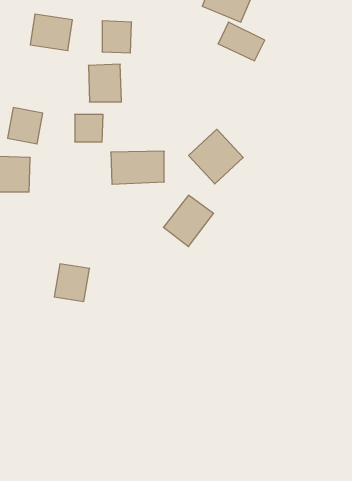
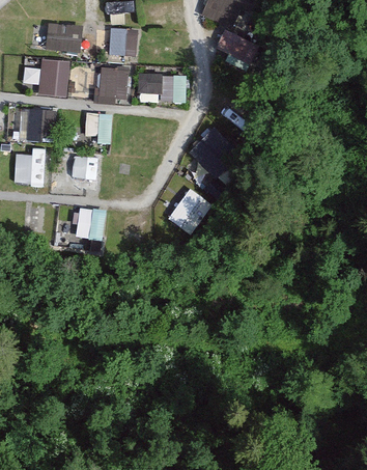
building: none -> [38,58,68,94]
building: [111,151,164,184] -> [137,73,186,103]
building: [54,264,90,301] -> [74,206,106,241]

